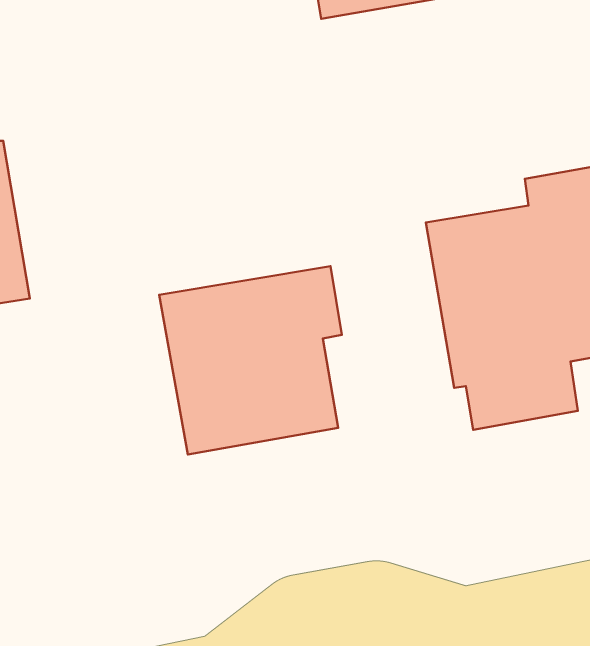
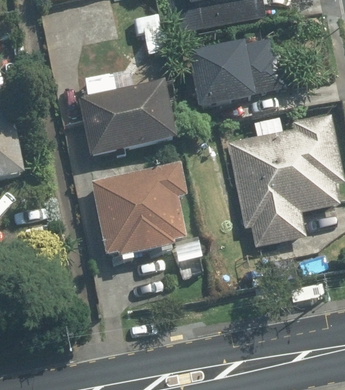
building: none -> [187,38,285,112]
building: none -> [78,82,174,156]

